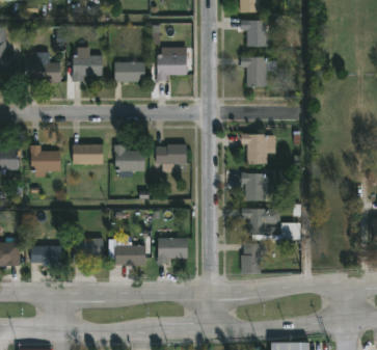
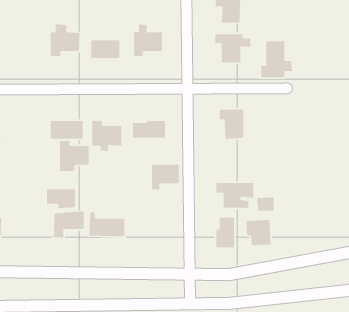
building: [32,51,58,82] -> none
building: none -> [261,40,293,78]
building: [30,145,61,178] -> [59,140,90,172]
building: [239,172,263,200] -> none
building: [159,236,188,263] -> [151,164,180,190]
building: none -> [246,219,272,246]
building: [32,246,62,267] -> [46,188,76,209]

